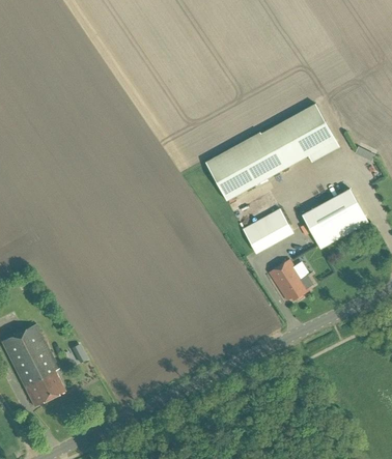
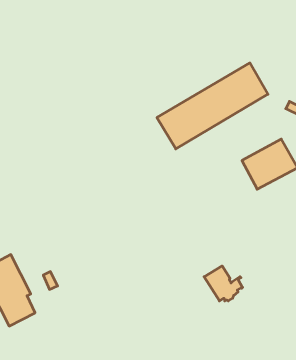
building: [243,209,291,252] -> none
building: [269,260,313,300] -> [204,266,243,301]

